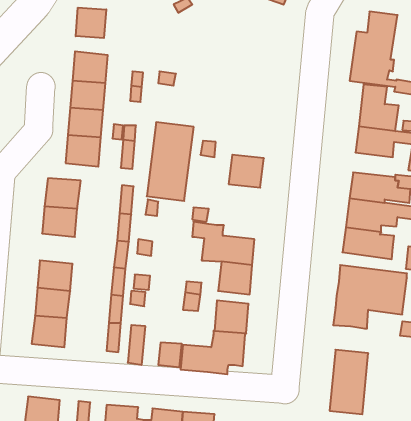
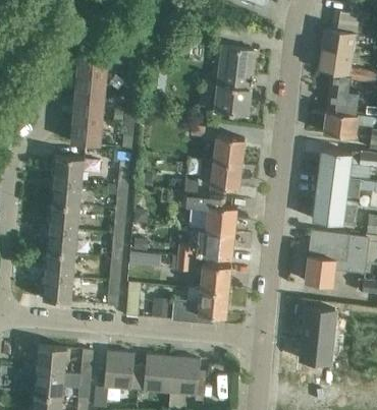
building: [76,8,106,38] -> none
building: [147,122,194,201] -> [214,46,255,114]
building: none -> [210,161,240,189]
building: none -> [49,203,79,230]

